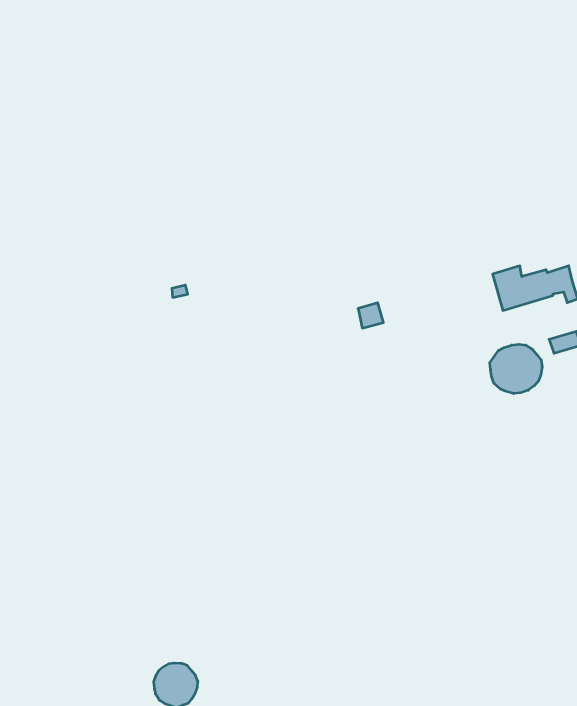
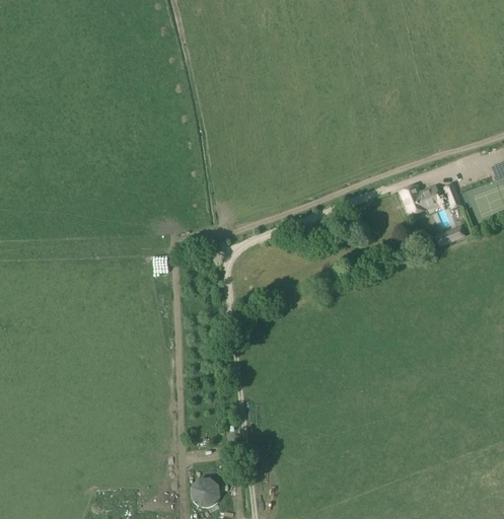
building: [490,344,542,394] -> none

